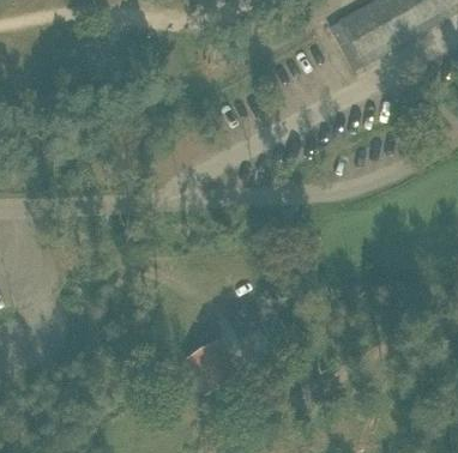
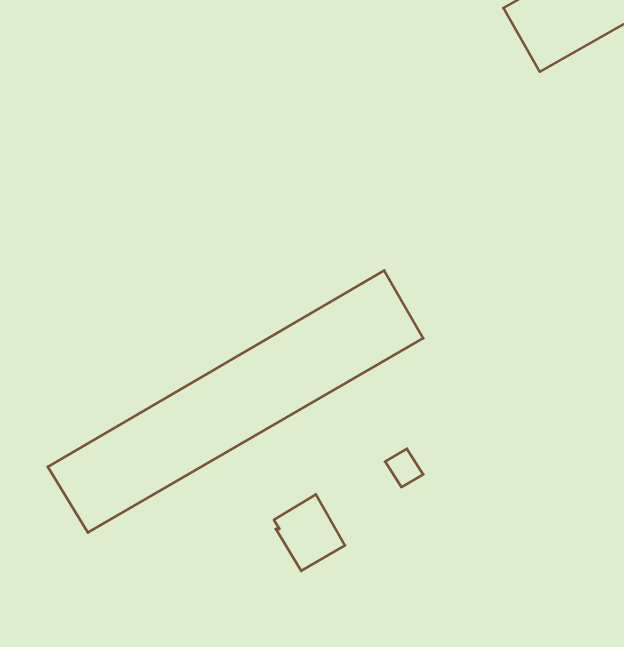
building: none -> [48,270,423,533]

